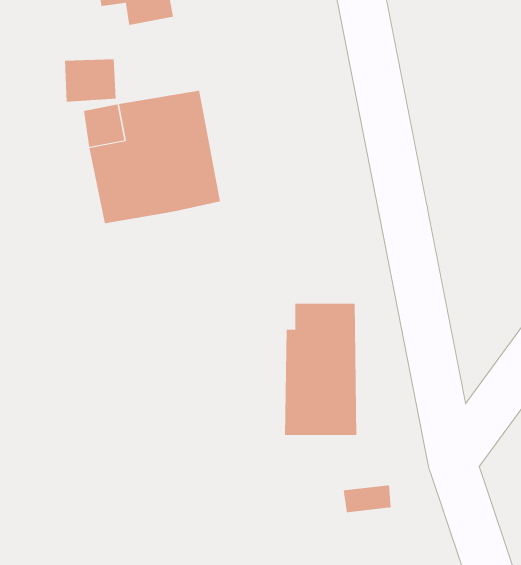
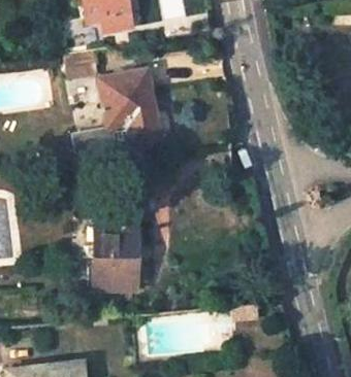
building: [284,303,357,435] -> [97,210,140,288]

